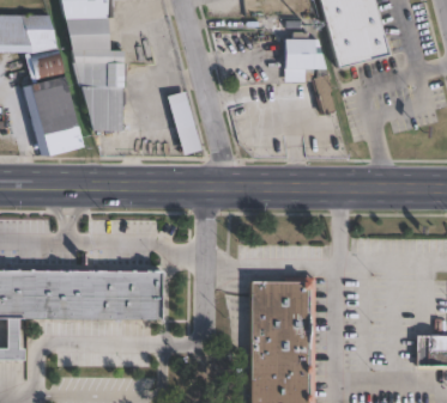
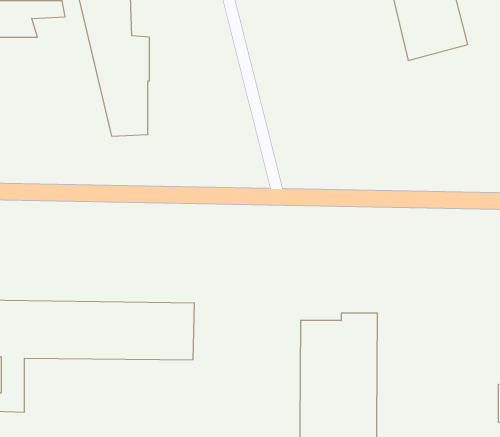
building: [284,32,327,83] -> none
building: [30,50,85,157] -> none
building: [167,91,200,154] -> none

